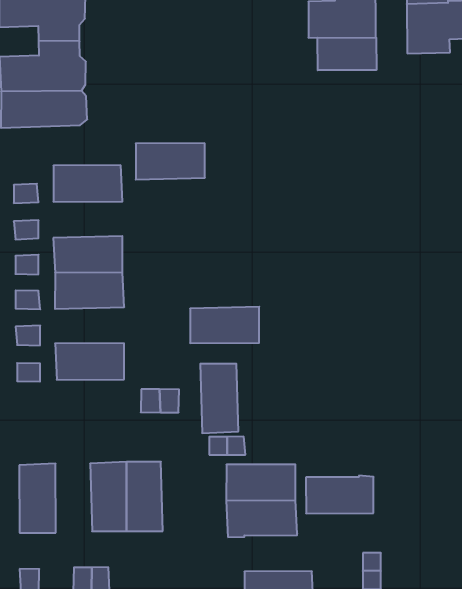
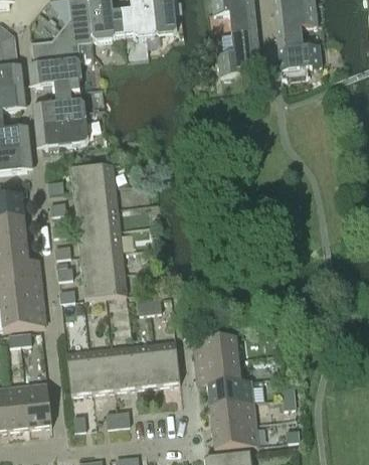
building: [317,38,376,70] -> none
building: [136,143,205,180] -> [72,185,117,211]
building: [190,307,259,343] -> [79,250,124,276]
building: [200,364,238,433] -> [153,340,180,384]
building: none -> [88,347,115,392]
building: [306,476,374,513] -> [208,378,251,405]

